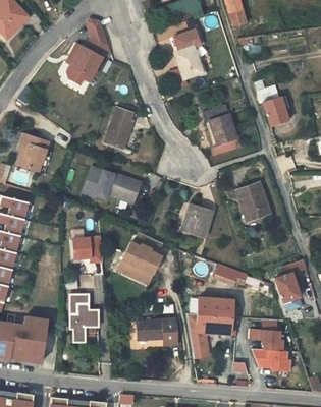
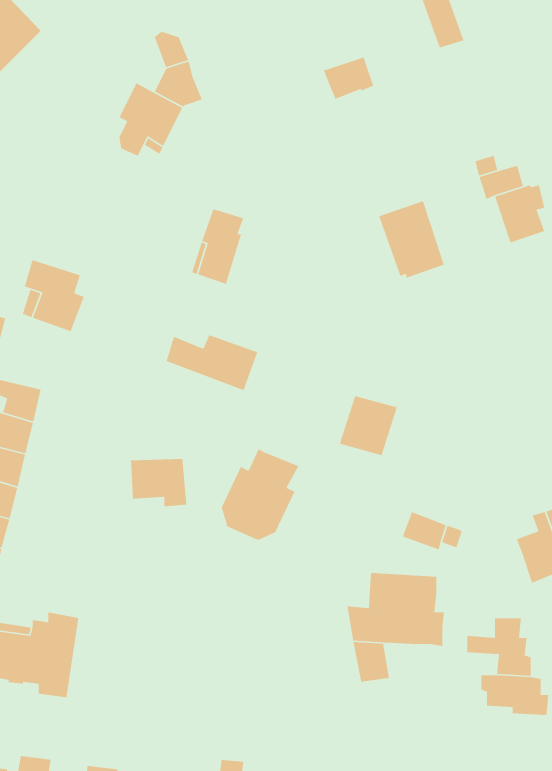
building: [176,48,202,78] -> none
building: [236,183,270,220] -> none
building: [70,295,99,343] -> none
building: [138,319,177,345] -> none

